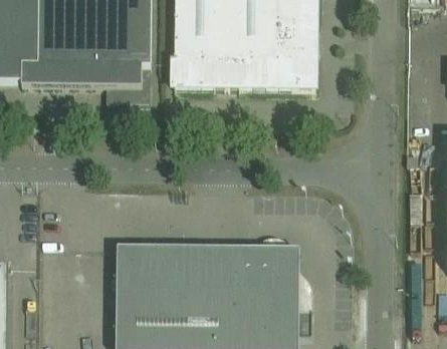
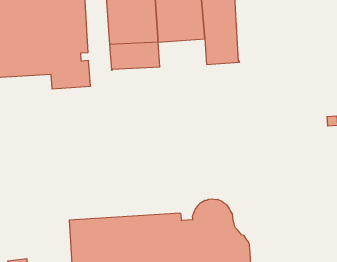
building: [227,58,278,86] -> none

